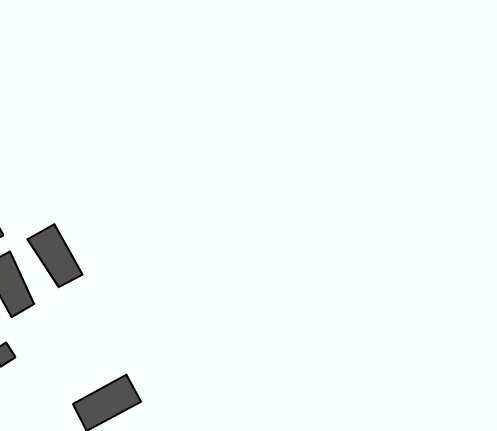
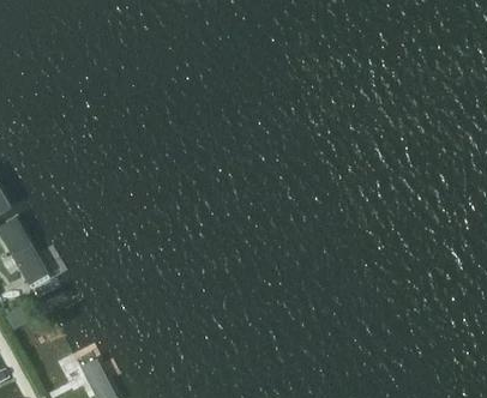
building: [27,224,82,287] -> none

